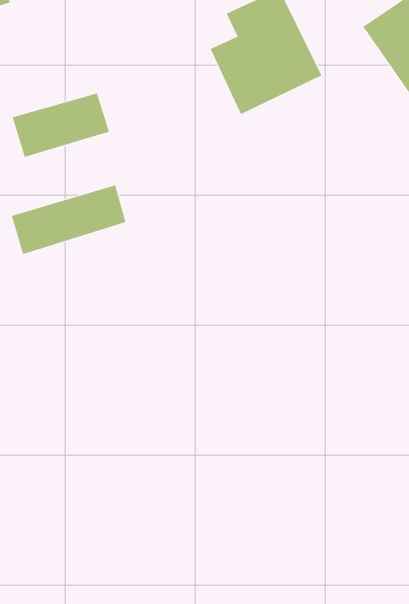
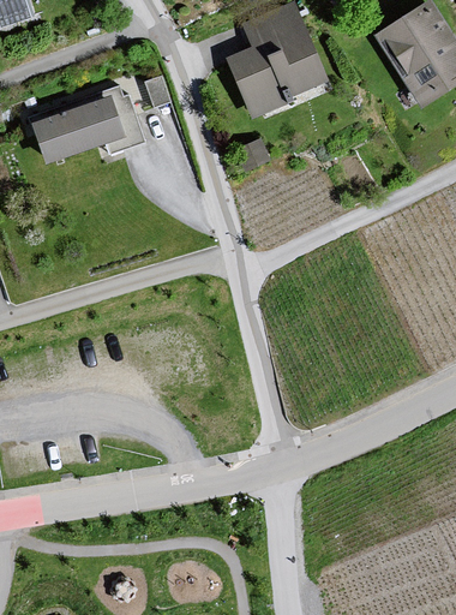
building: [11,184,126,255] -> none

